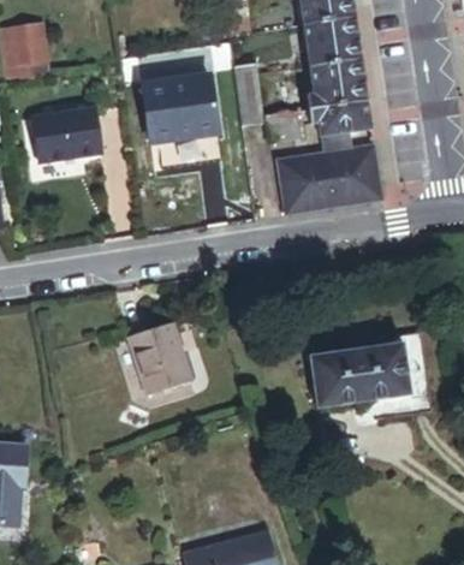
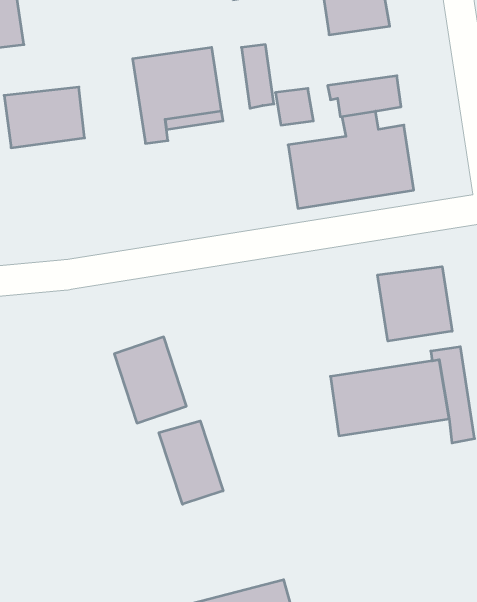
building: [307,58,368,108] -> none
building: none -> [378,267,452,341]
building: none -> [159,421,223,504]

